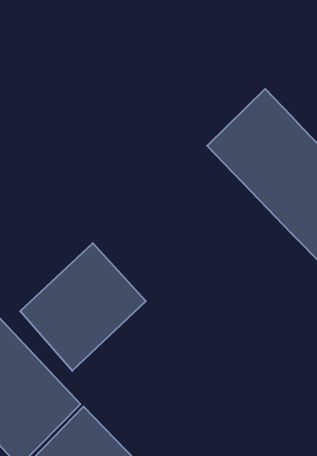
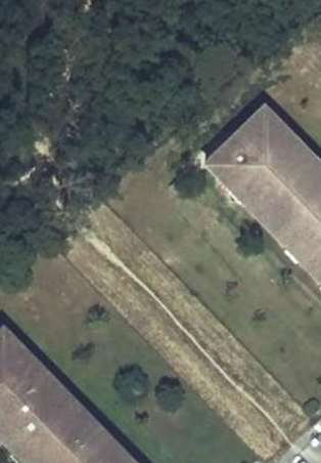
building: [20,243,146,371] -> none

